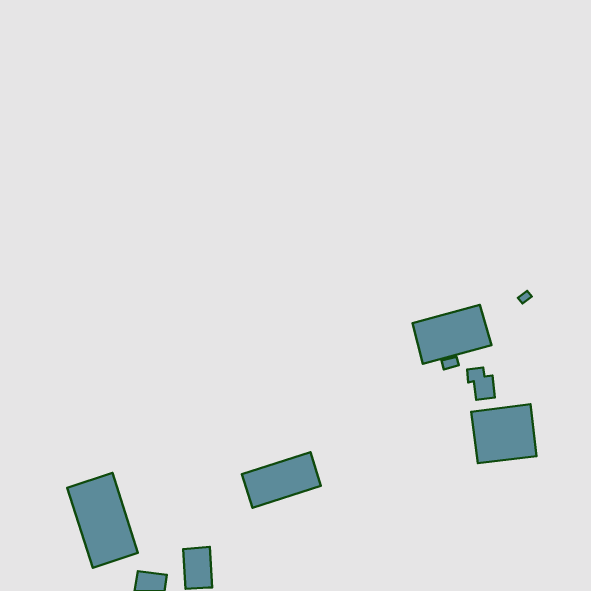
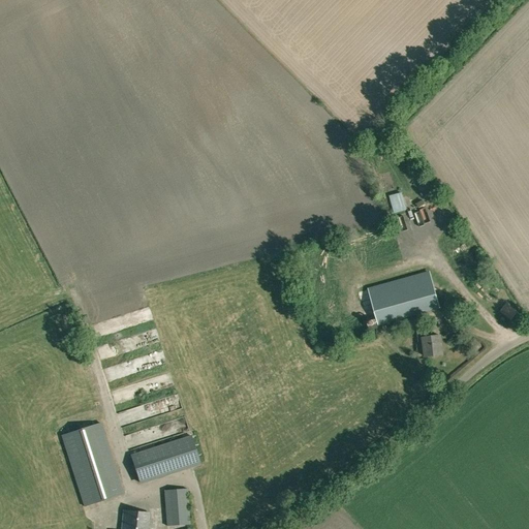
building: [471,404,536,463] -> none
building: [242,452,321,508] -> [129,434,199,484]

